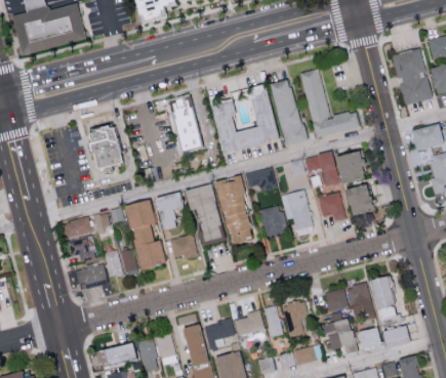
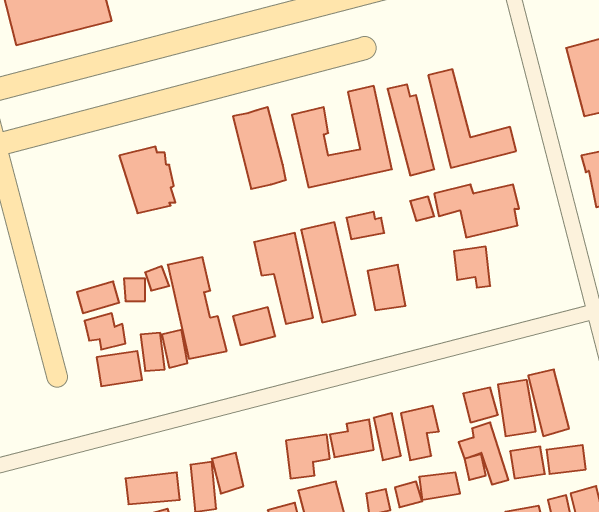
building: [343,182,375,215] -> none
building: [282,190,314,236] -> none
building: [154,192,181,229] -> none
building: [181,324,207,367] -> none

